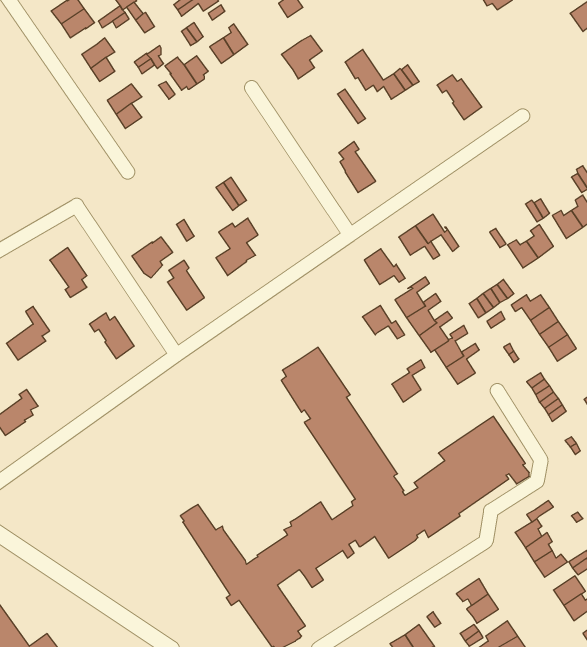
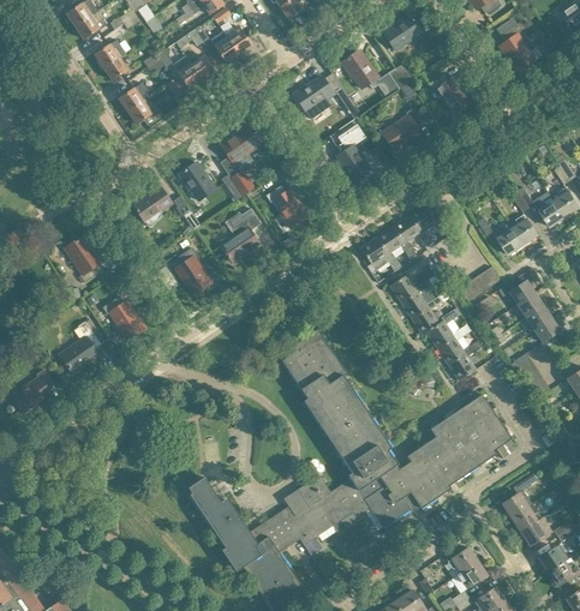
building: none -> [383,14,421,49]
building: none -> [500,20,534,71]
building: [281,35,322,79] -> [294,77,333,118]
building: none -> [382,107,423,150]
building: none -> [221,126,258,169]
building: none -> [179,162,215,199]
building: none -> [265,185,307,227]
building: [132,237,173,278] -> [133,187,172,226]
building: [362,305,405,339] -> [376,226,415,257]
building: [6,306,50,360] -> [60,321,101,371]
building: [392,360,425,402] -> [448,341,479,381]

